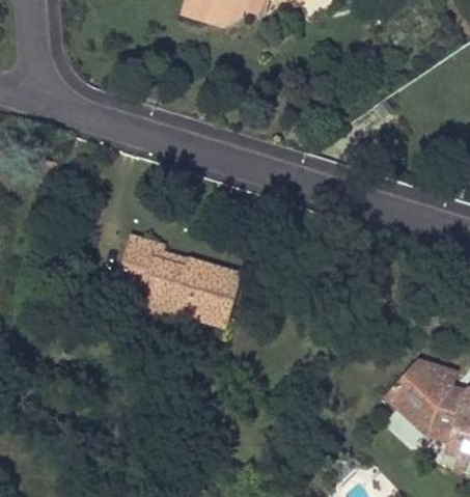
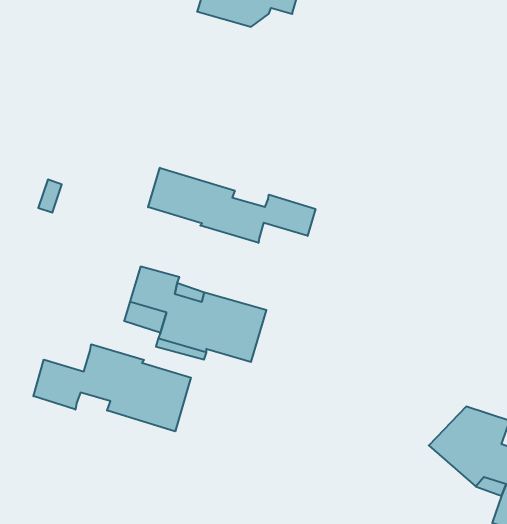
building: none -> [148,168,315,243]
building: none -> [33,344,191,431]

